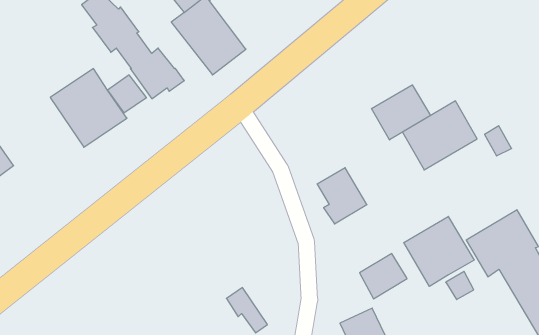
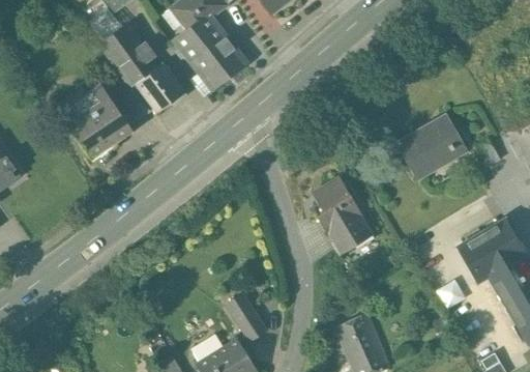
building: [372,85,431,140] -> none
building: [404,216,474,286] -> none
building: [360,254,407,299] -> [330,213,376,257]

